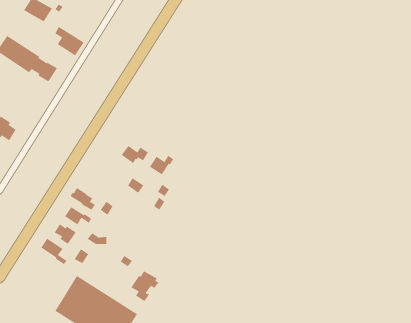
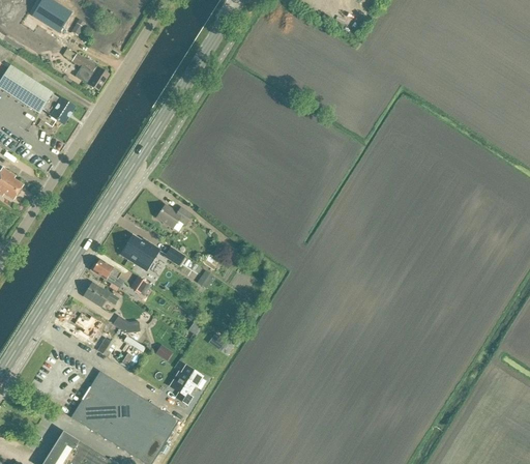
building: [149,155,174,175] -> none
building: none -> [119,233,158,268]
building: [41,238,68,265] -> none

